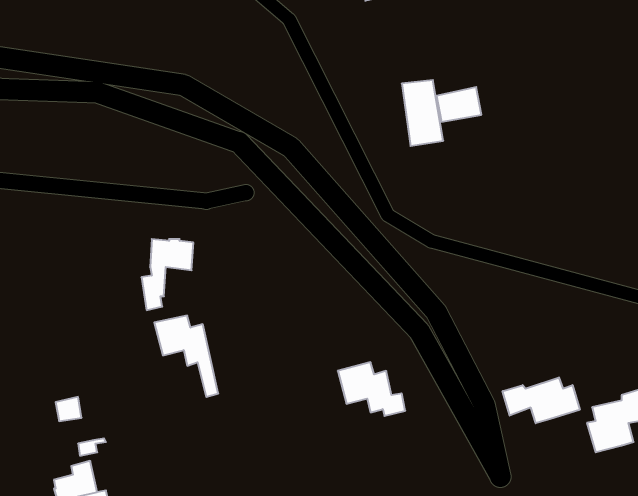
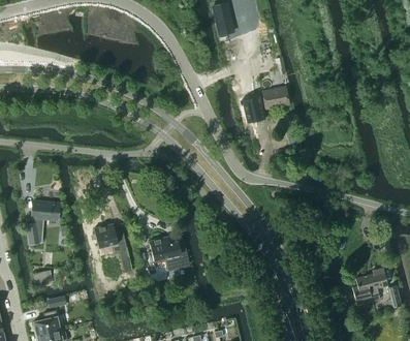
building: [141,239,193,310] -> [27,203,58,245]
building: [338,362,405,416] -> [149,237,189,269]
building: [503,377,580,423] -> none

